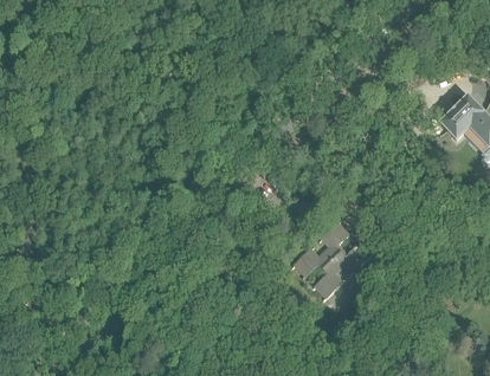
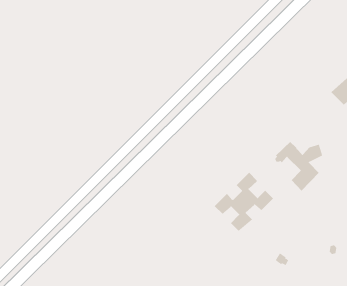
building: none -> [275,141,323,192]

